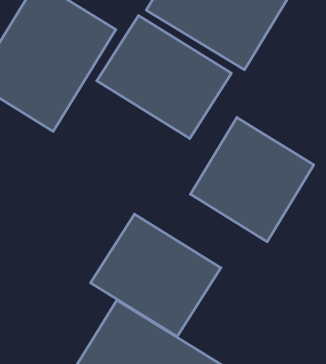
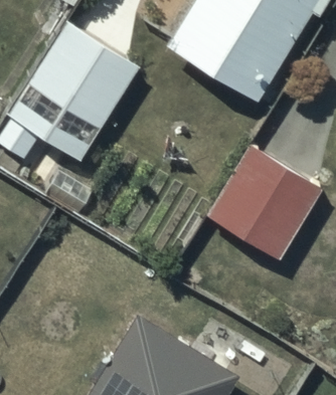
building: [97,16,231,139] -> none
building: [91,214,221,337] -> none

